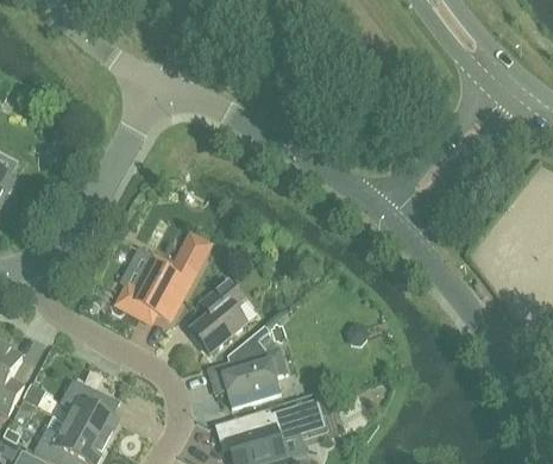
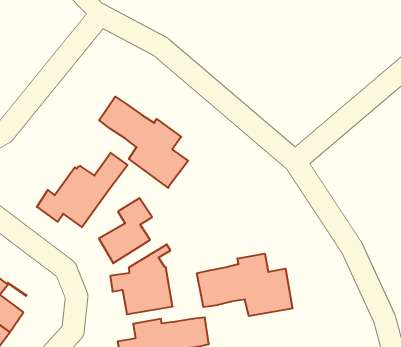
building: none -> [99,97,188,188]
building: none -> [197,254,293,316]

